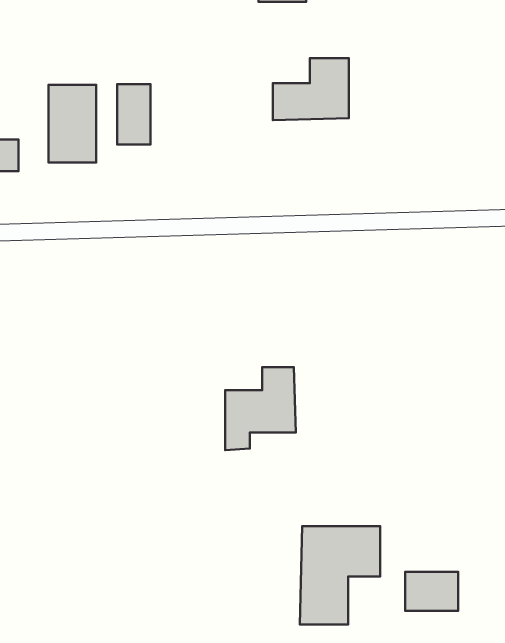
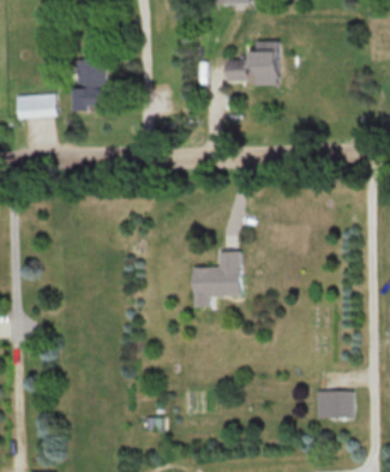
building: [117,84,150,145] -> none
building: [300,526,380,625] -> none

